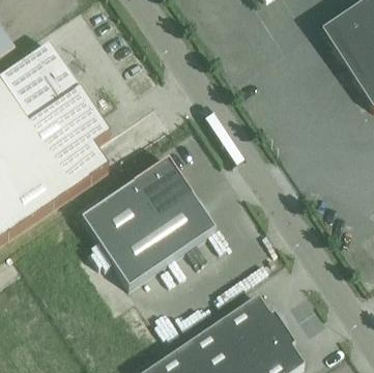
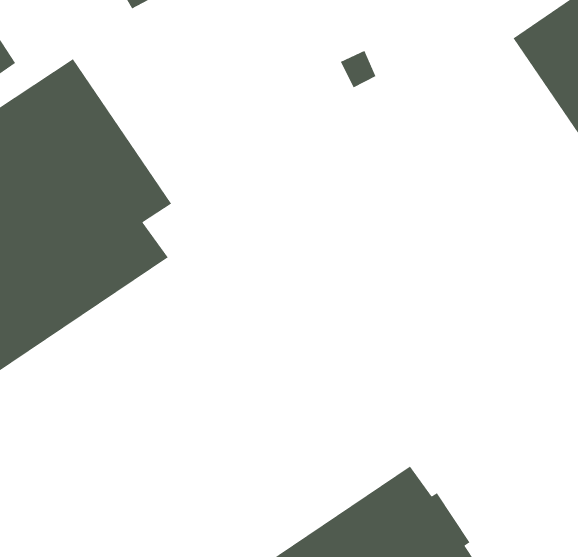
building: [80,156,214,285] -> none

